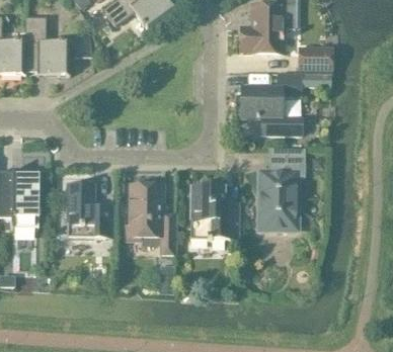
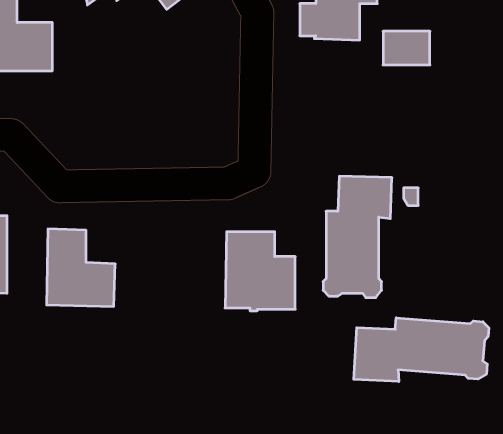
building: [240,73,302,135] -> none
building: [126,184,176,253] -> none
building: none -> [354,318,489,382]

